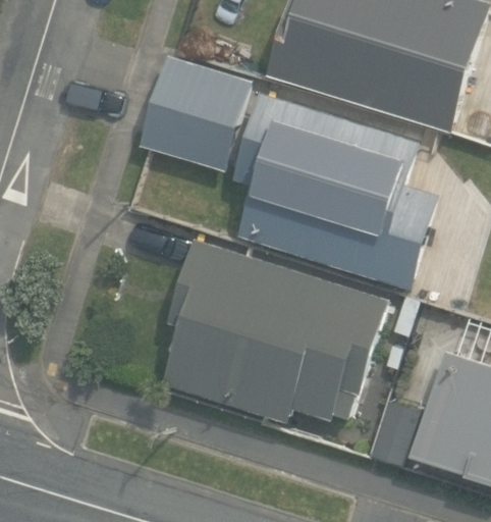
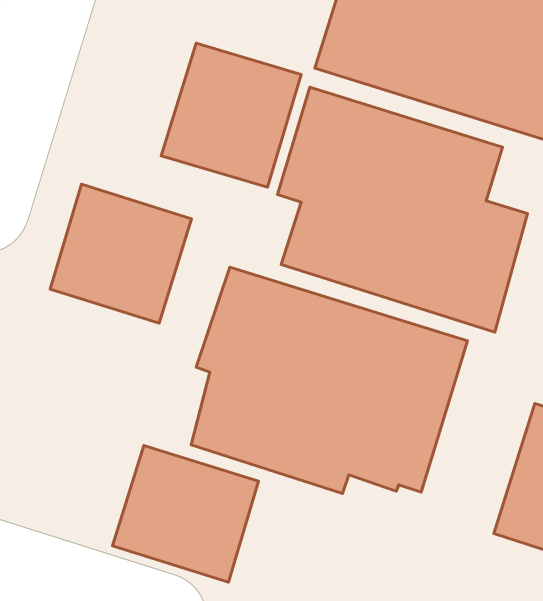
building: none -> [50,184,192,323]
building: none -> [113,445,258,582]

